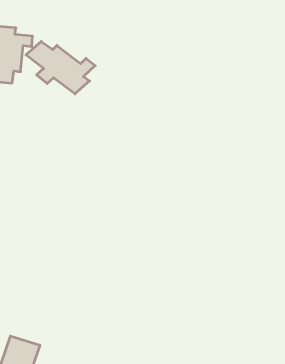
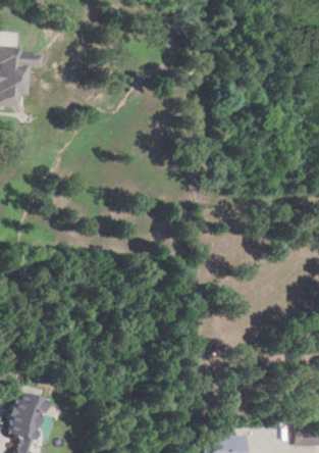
building: [26,41,95,94] -> none

